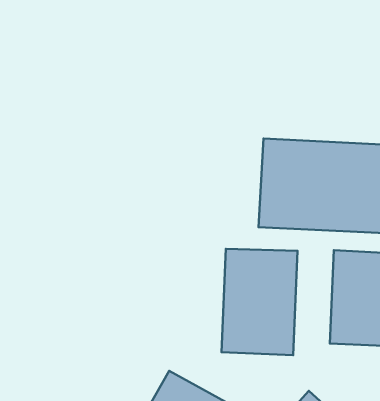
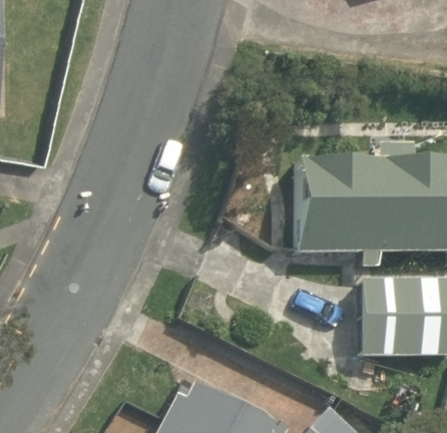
building: [221,249,298,355] -> none

